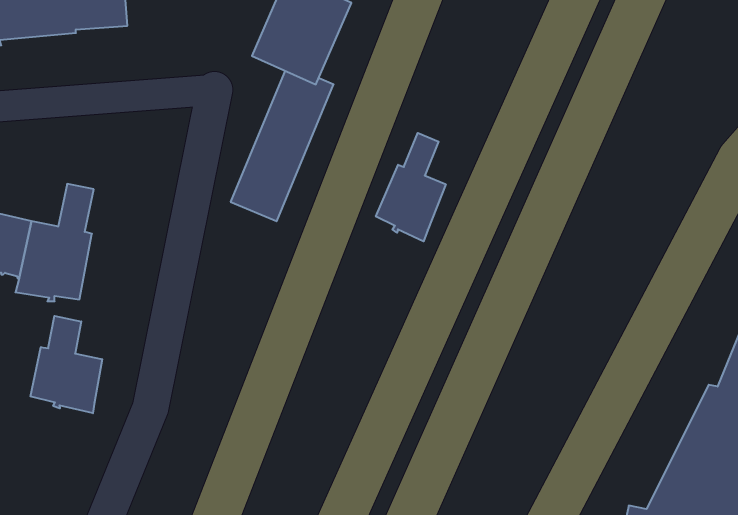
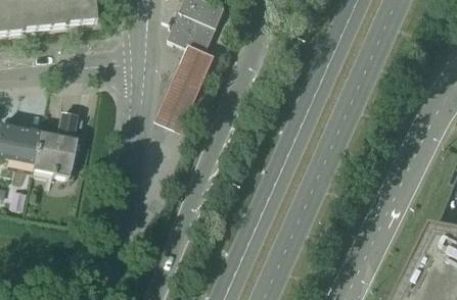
building: [376,133,446,241] -> none
building: [30,316,102,413] -> none

